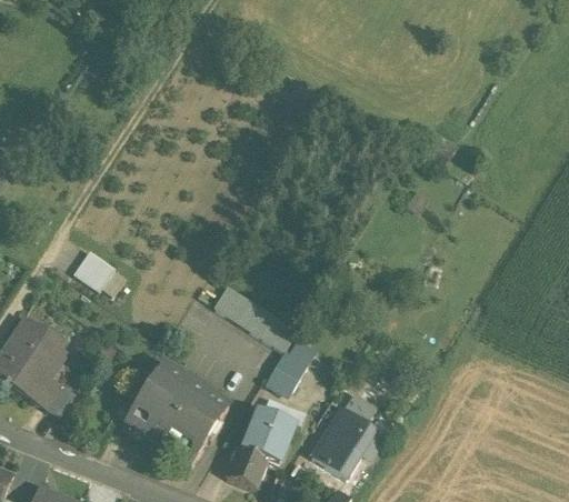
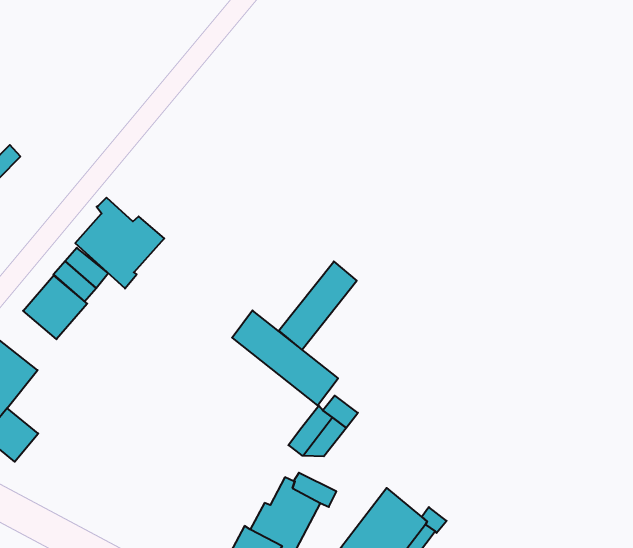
building: none -> [75,198,164,289]
building: none -> [279,261,357,350]
building: none -> [23,275,87,339]
building: [126,363,227,462] -> none

